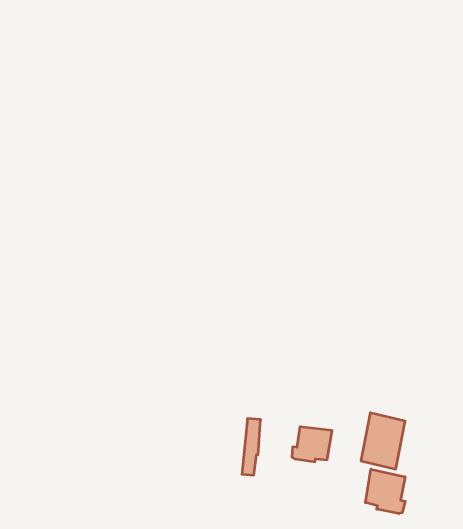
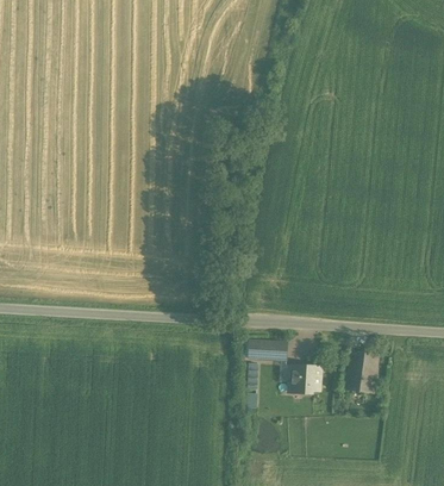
building: none -> [245,338,286,359]
building: [365,469,405,514] -> none

